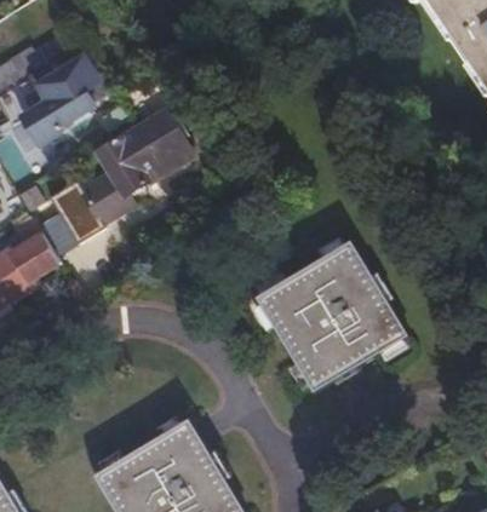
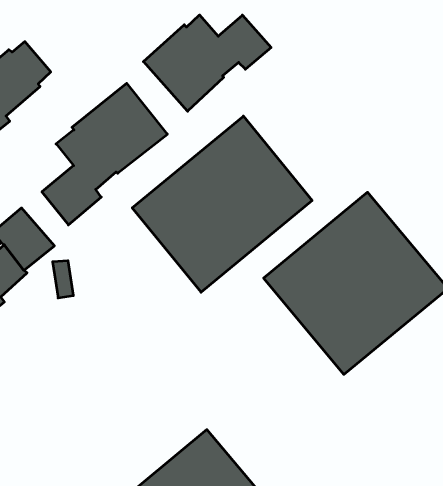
building: none -> [143,15,271,111]
building: none -> [132,116,312,292]

